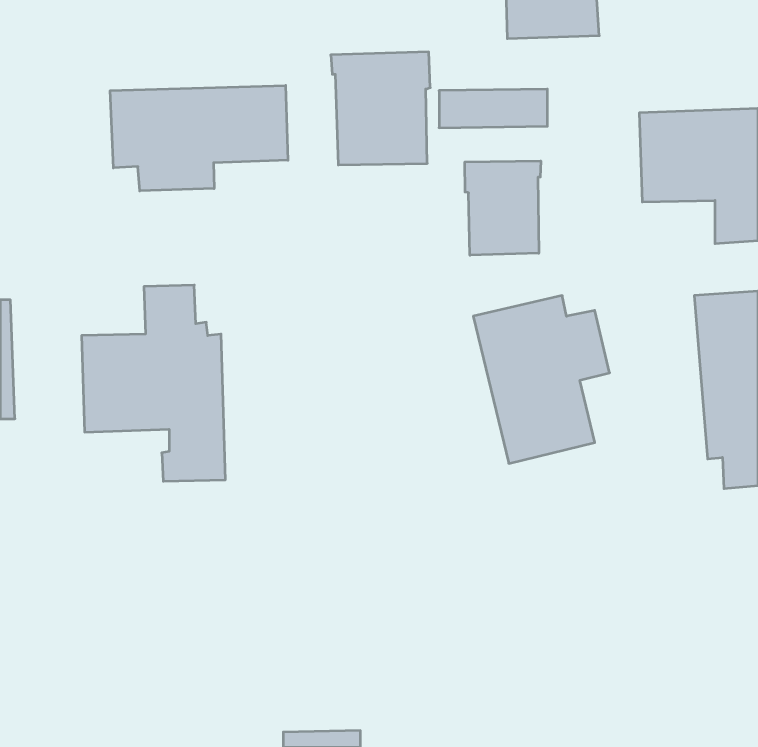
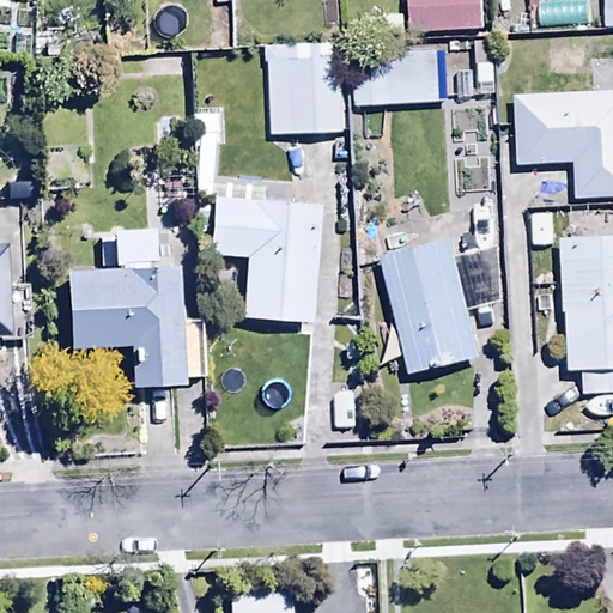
building: [110,85,288,191] -> none
building: [465,161,541,255] -> none
building: none -> [211,196,321,323]

